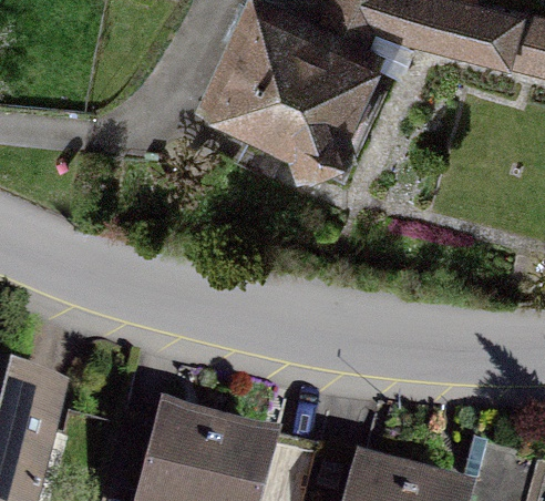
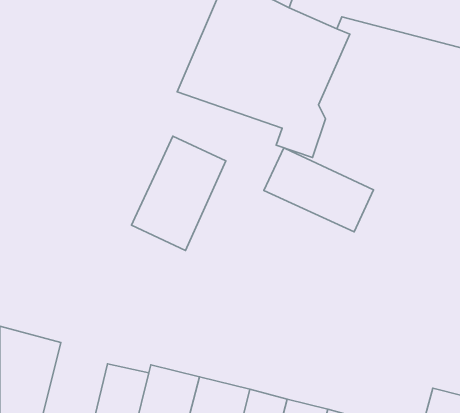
building: none -> [131,136,226,251]
building: none -> [264,148,373,232]

